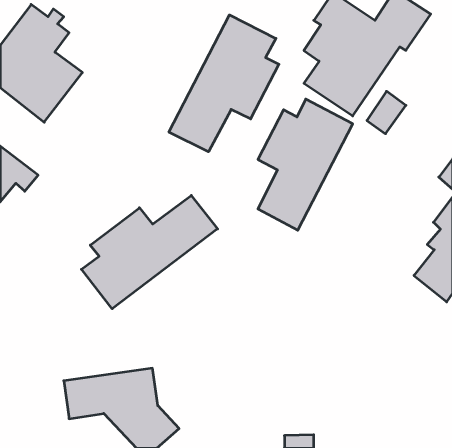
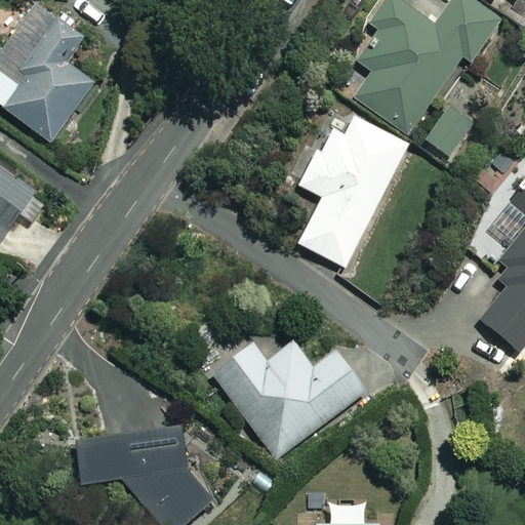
building: [169,15,279,152] -> none
building: [81,195,218,309] -> none
building: none -> [212,339,366,456]

